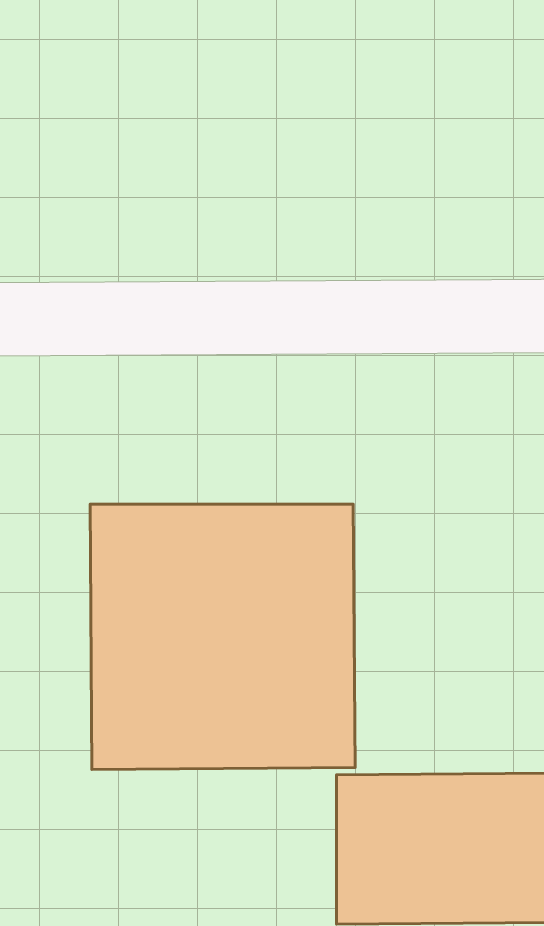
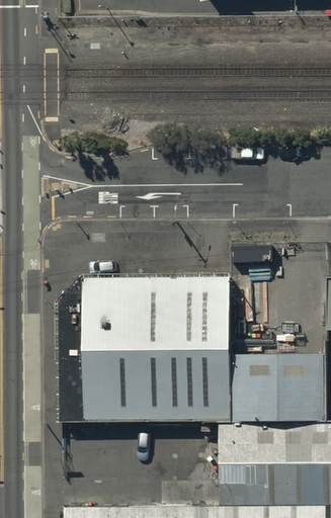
building: none -> [228,353,319,422]

